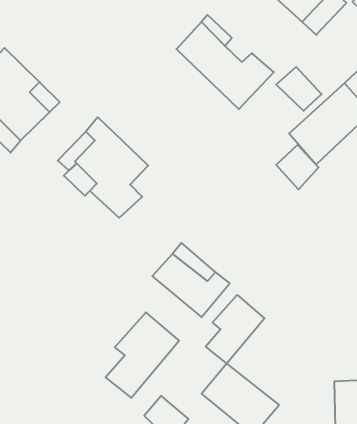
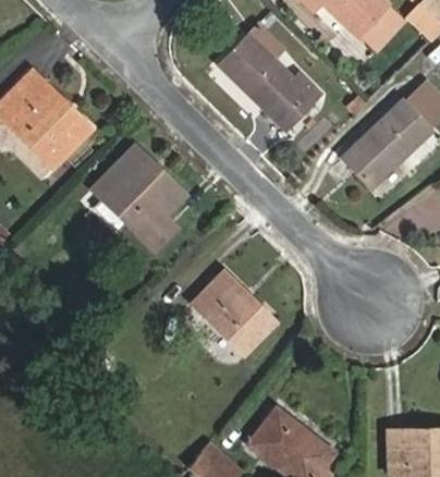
building: [276,67,322,111] -> none
building: [276,145,319,189] -> none
building: [206,295,265,364] -> none
building: [106,312,179,398] -> none

